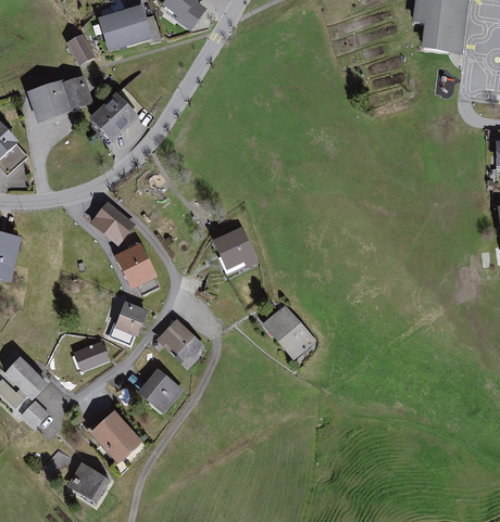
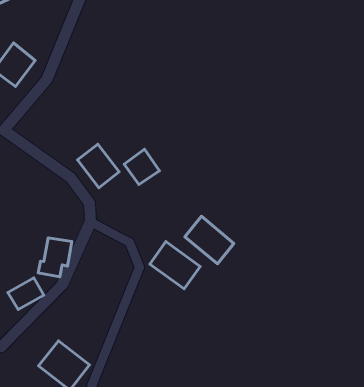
building: [91,202,130,240] -> none
building: [118,243,160,289] -> [78,144,119,188]
building: [152,319,204,371] -> [150,242,200,289]
building: [139,370,182,412] -> none

